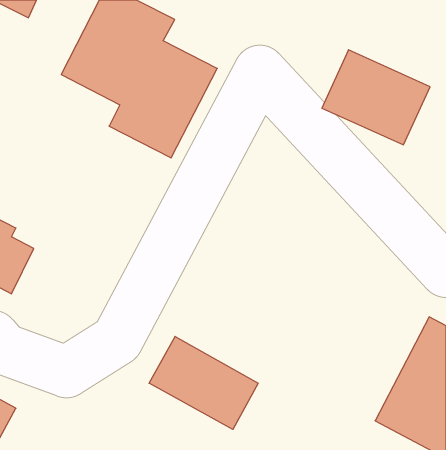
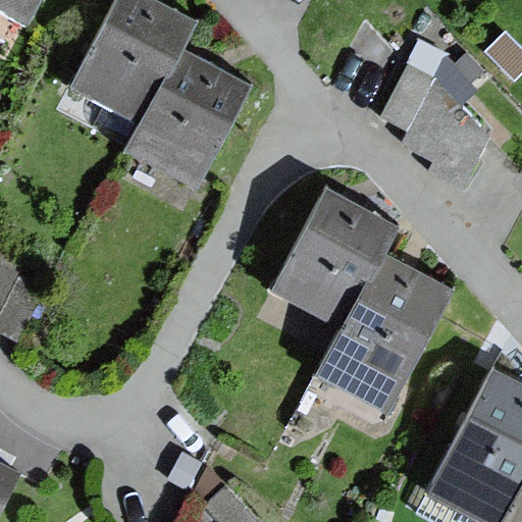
building: none -> [268,187,453,411]
building: [149,336,258,429] -> none

